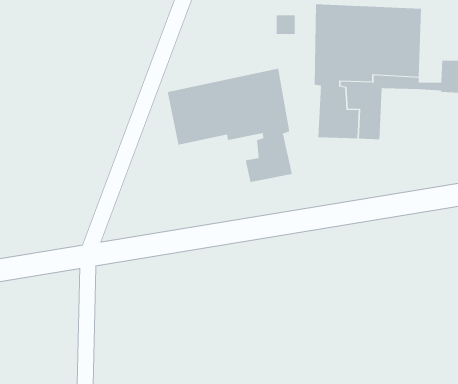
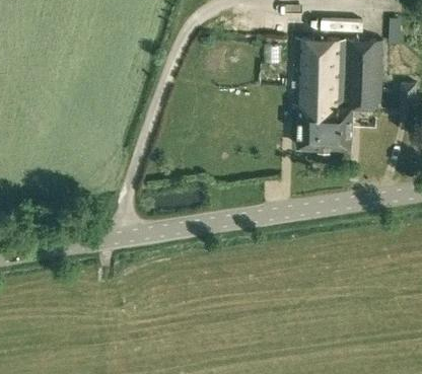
building: [167,68,292,183] -> none

